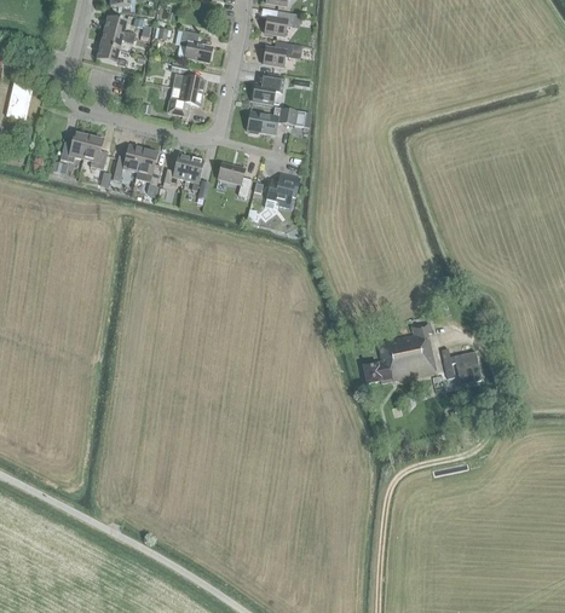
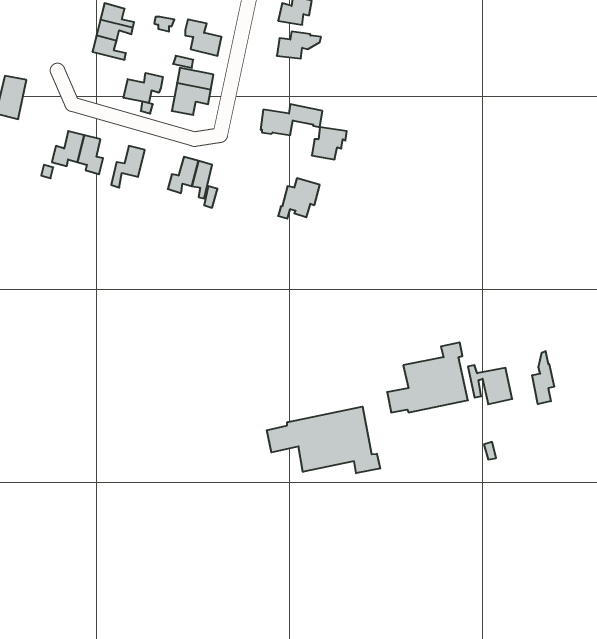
building: [253,74,284,103] -> [312,127,347,159]
building: none -> [124,73,163,103]
building: [138,148,161,186] -> none
building: [218,163,252,197] -> none
building: none -> [532,351,554,404]
building: none -> [267,407,380,473]

